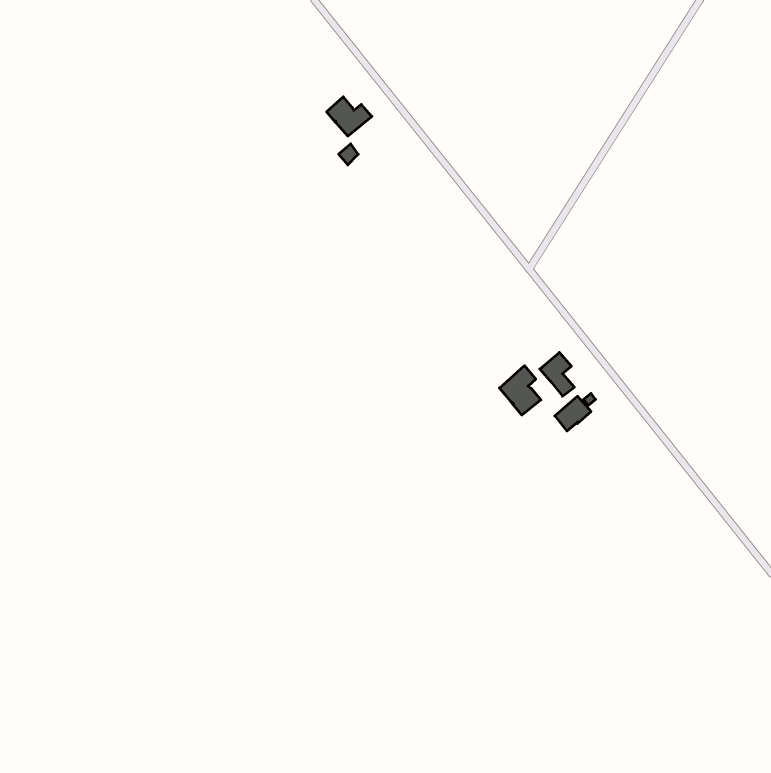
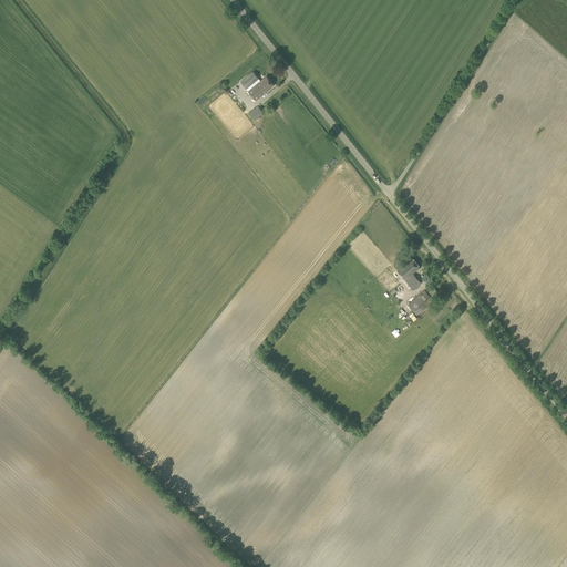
building: [499,366,541,415] -> none

